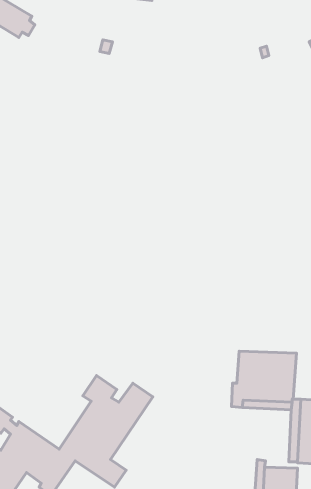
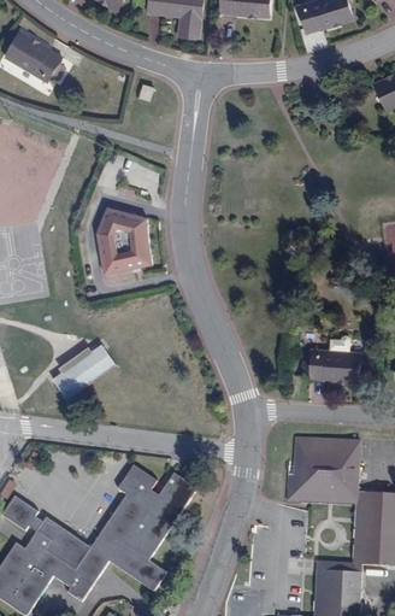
building: none -> [96,200,153,275]
building: none -> [309,335,359,380]
building: none -> [51,344,114,399]

